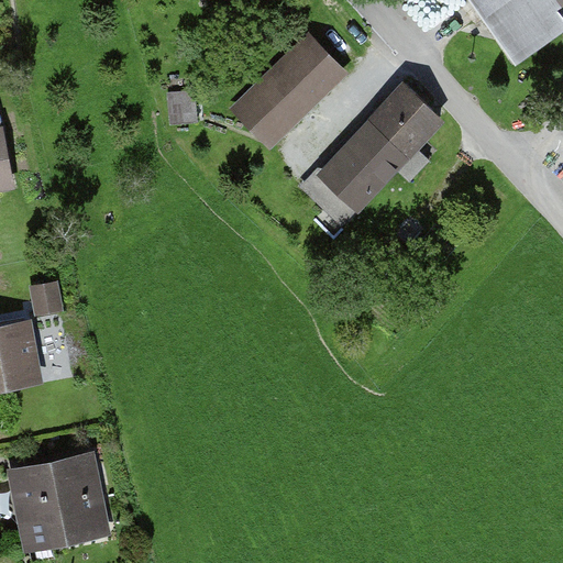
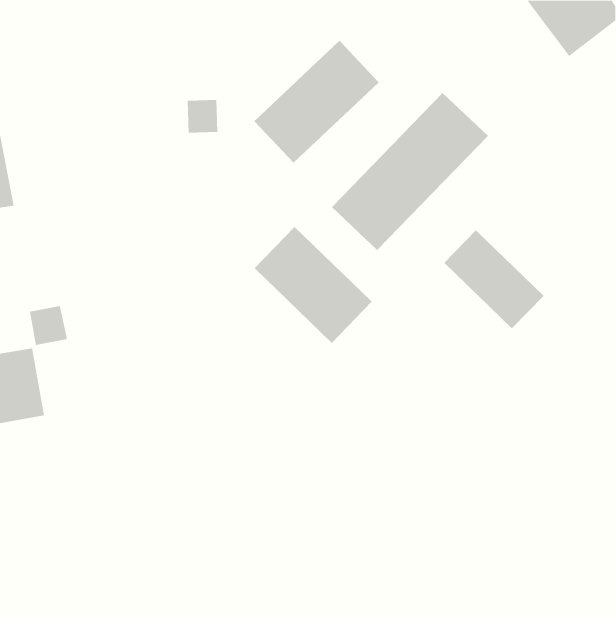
building: none -> [254,226,373,344]
building: none -> [443,229,544,329]
building: [9,452,109,548] -> none

